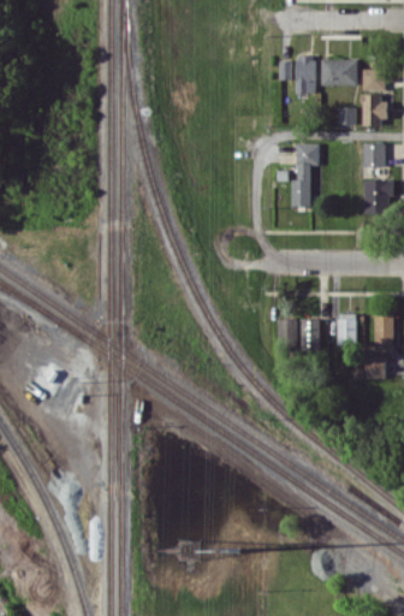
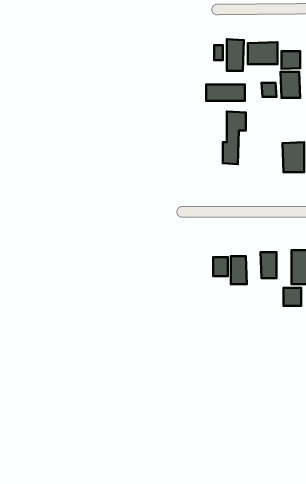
building: none -> [206,84,245,101]
building: [362,144,385,167] -> none

